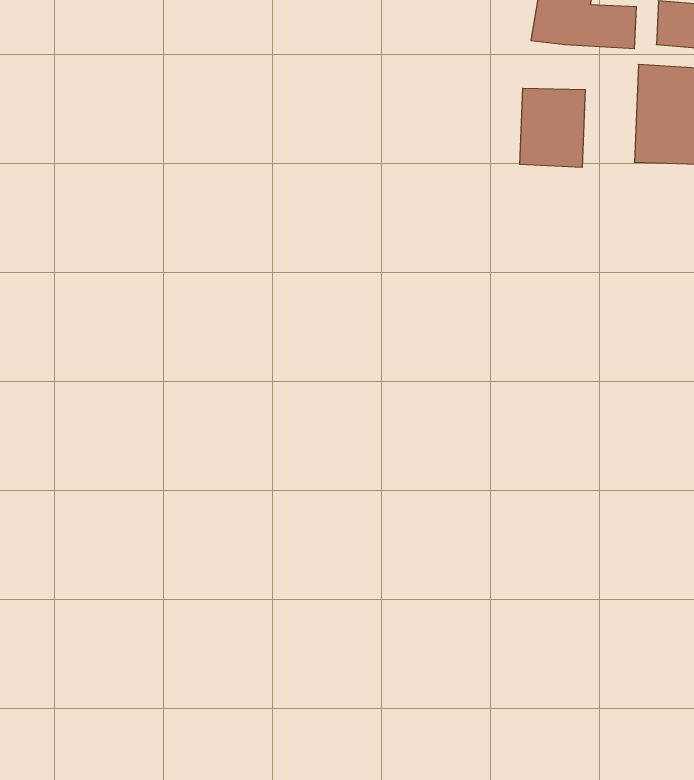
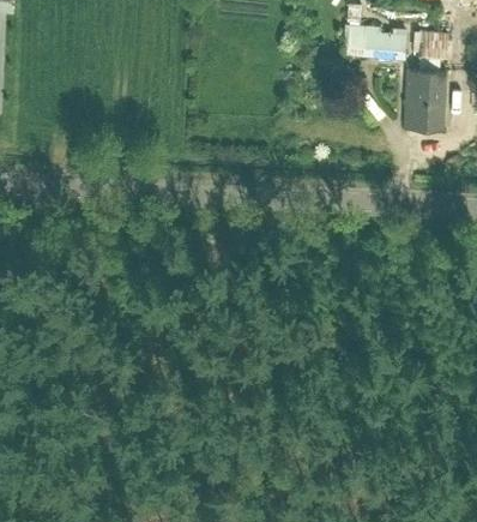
building: [520,88,585,167] -> none

